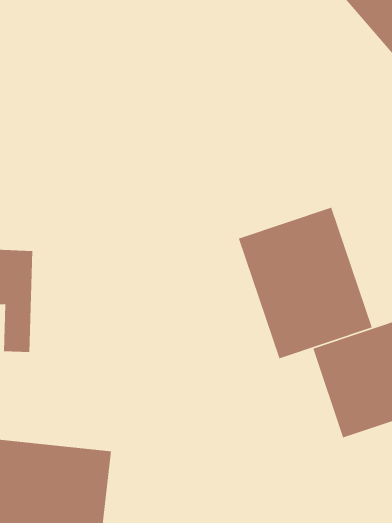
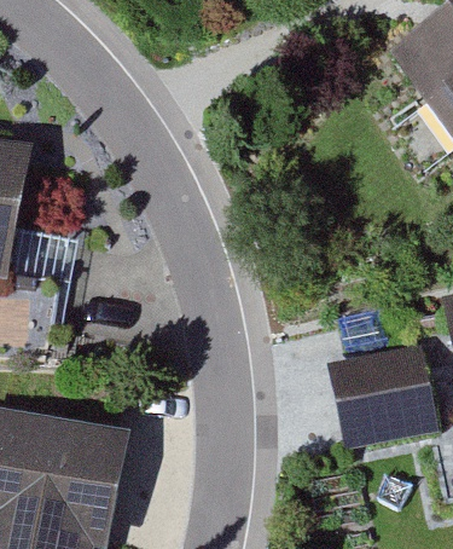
building: [238,207,372,359] -> none

